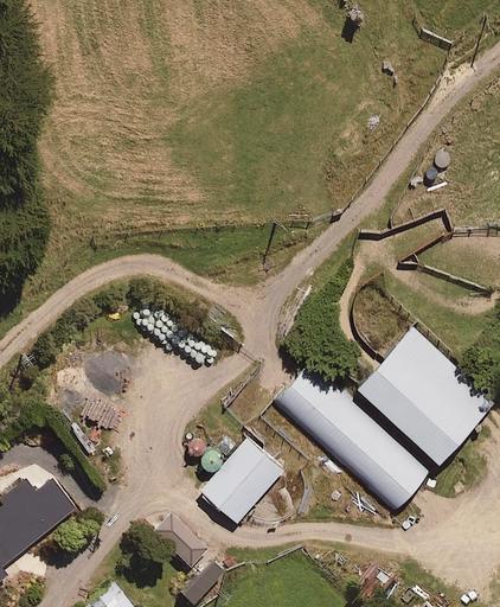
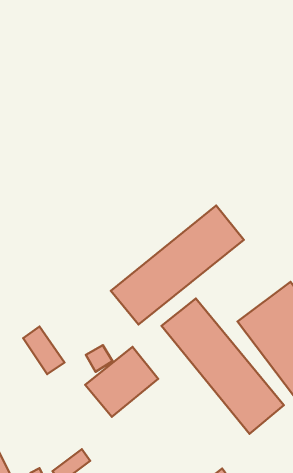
building: none -> [111,205,244,324]
building: [153,516,205,569] -> [23,326,65,374]

